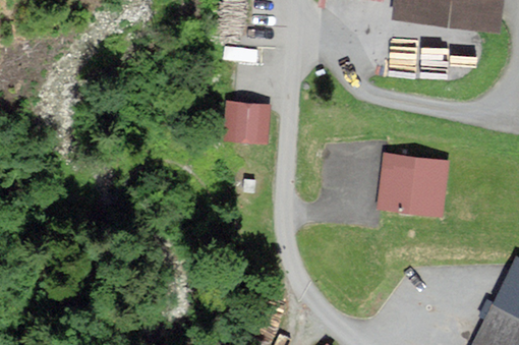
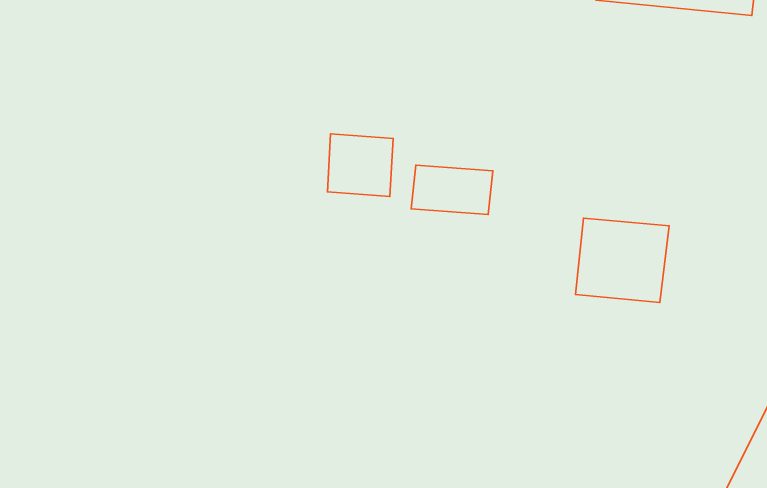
building: none -> [411,165,493,215]

